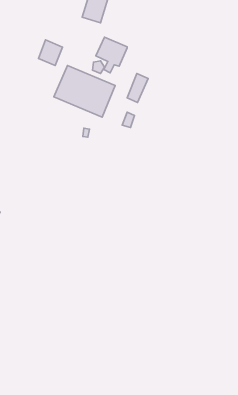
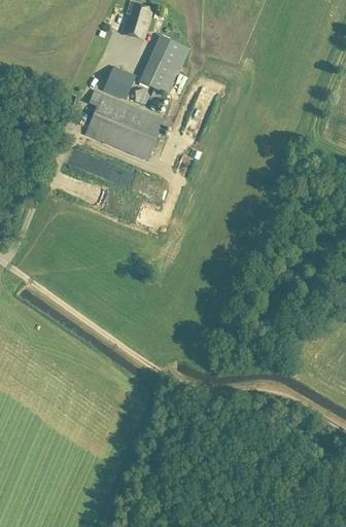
building: none -> [149,35,188,71]
building: [38,40,62,66] -> [103,66,134,99]

